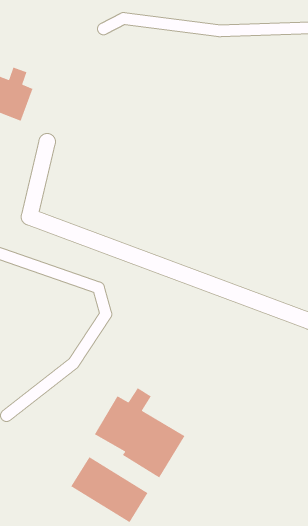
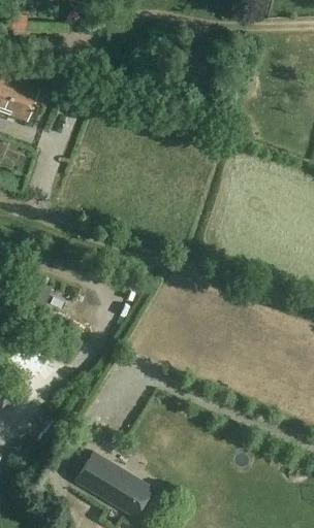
building: [94,387,185,479] -> none

